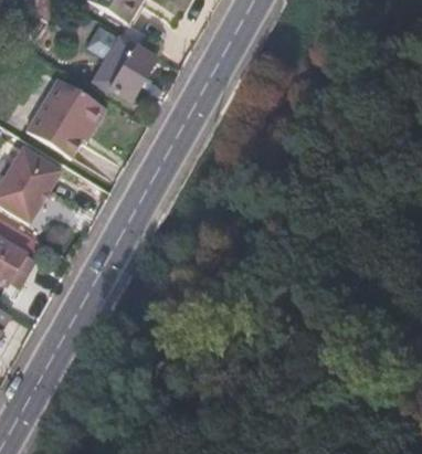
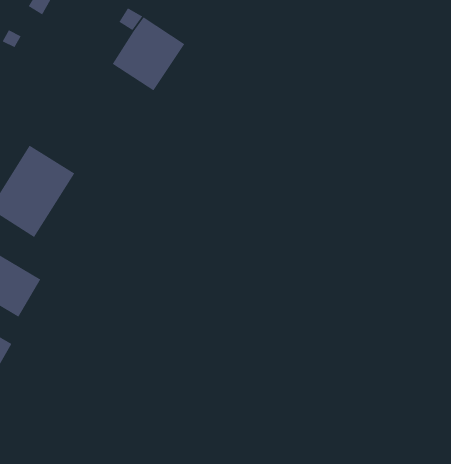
building: [21,80,101,160] -> none

